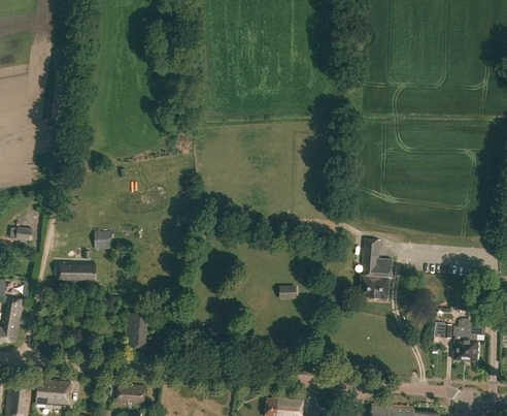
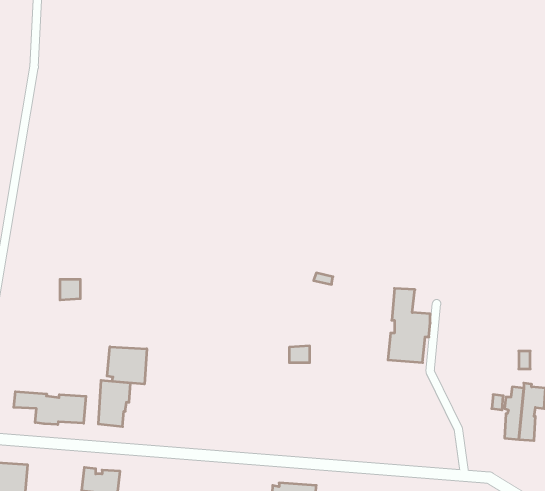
building: [60,262,91,283] -> none
building: none -> [107,347,147,384]
building: none -> [14,392,86,425]

